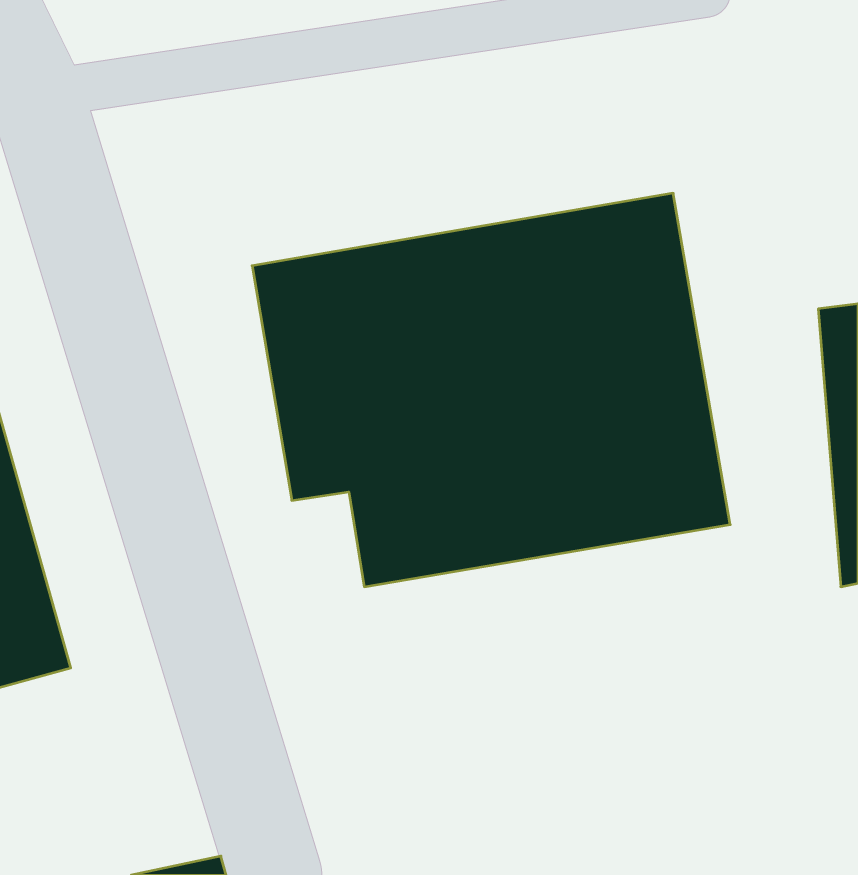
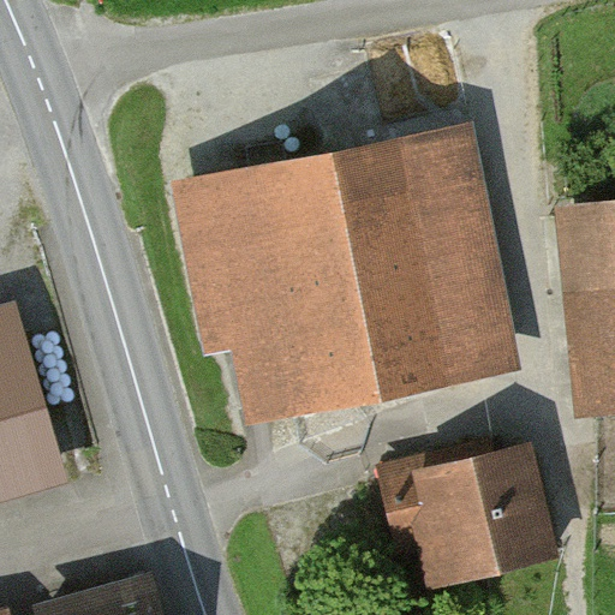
building: none -> [418,452,559,579]

